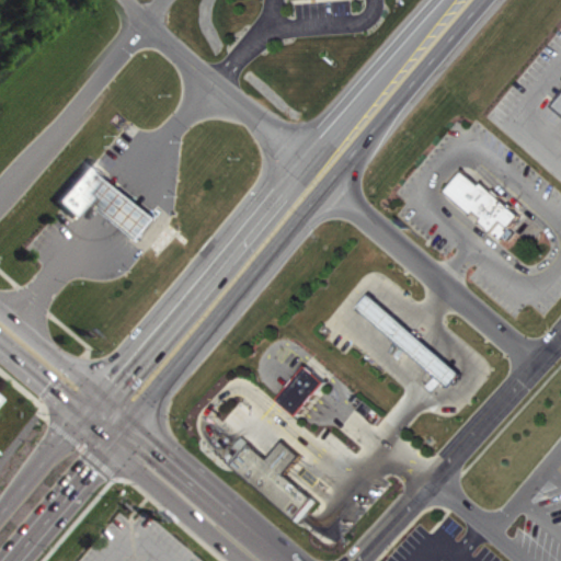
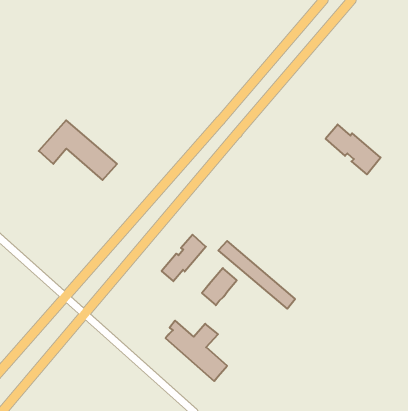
building: [355,295,459,387] -> [218,241,295,309]
building: none -> [162,235,206,281]

